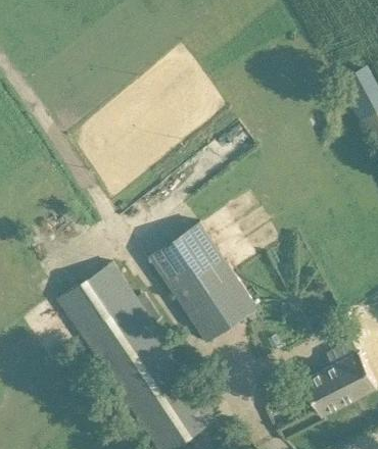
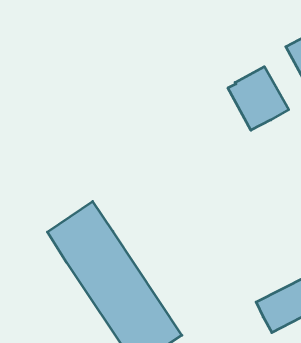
building: none -> [228,67,289,130]
building: [150,223,257,341] -> none

